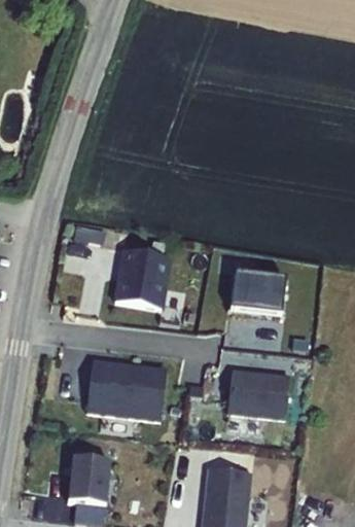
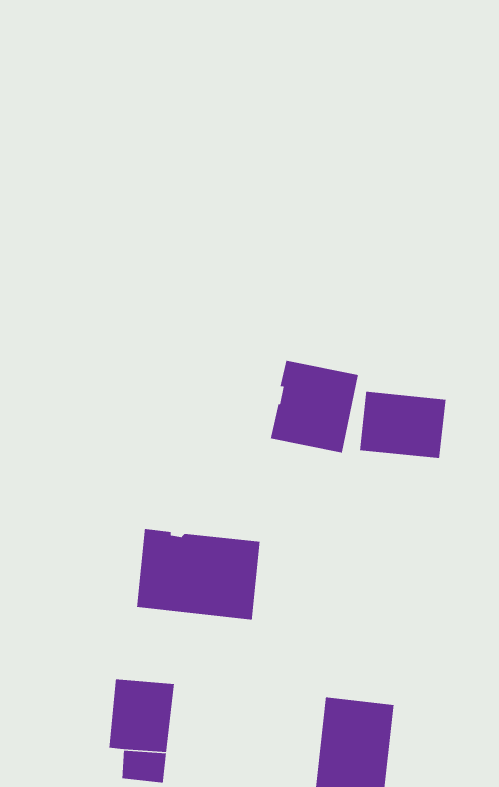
building: [113,245,170,305] -> [270,360,359,454]
building: [228,368,292,417] -> none

